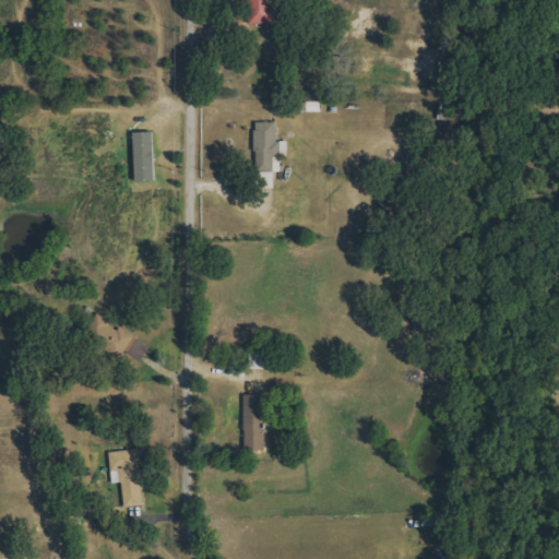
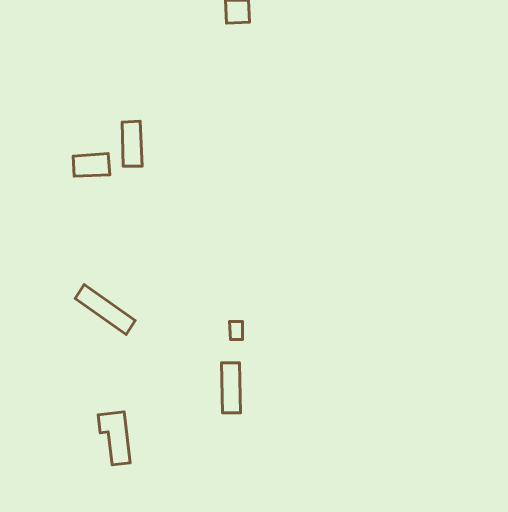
building: [253,122,285,171] -> none
building: none -> [73,153,110,176]

